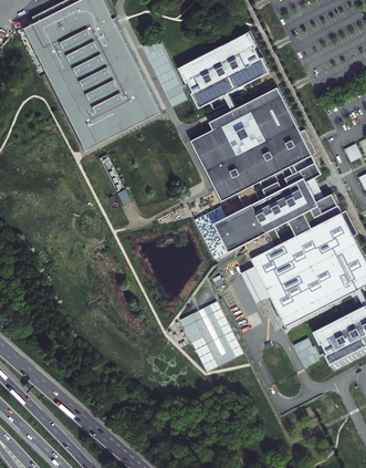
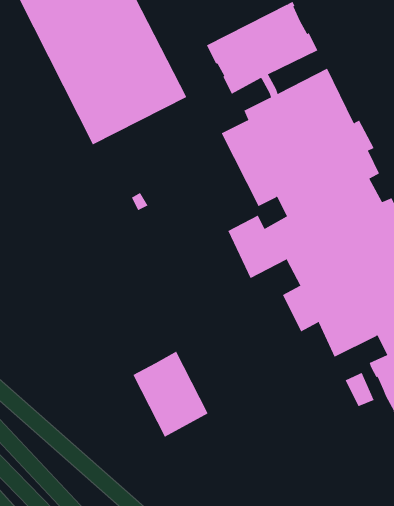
building: [178,300,241,372] -> [132,351,209,437]

